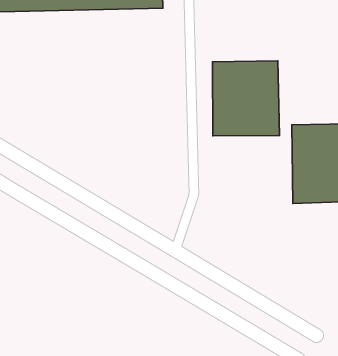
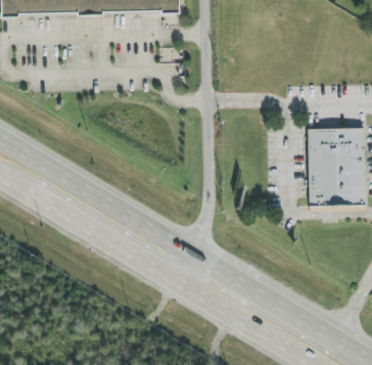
building: [212,61,280,136] -> none

